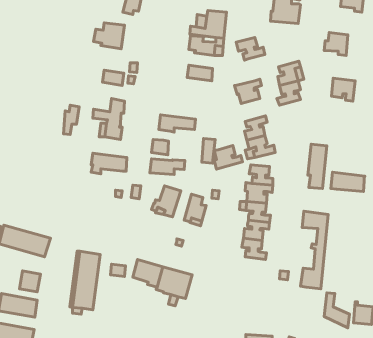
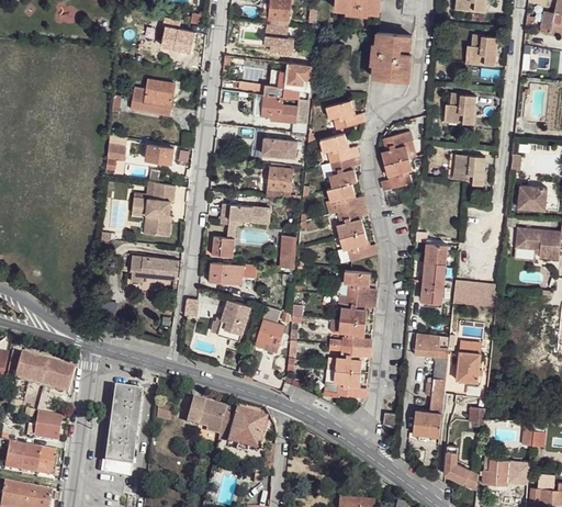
building: none -> [319,133,357,164]
building: none -> [266,166,293,196]
building: [64,105,79,135] -> [105,135,126,174]
building: [214,146,243,169] -> [326,182,364,214]
building: none -> [456,350,481,382]

